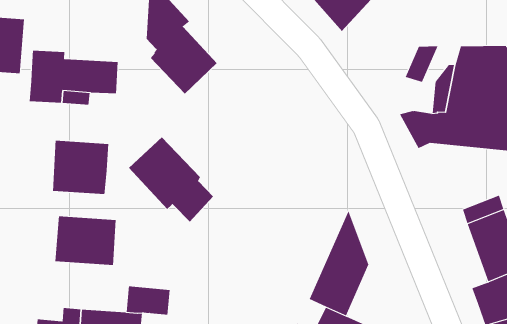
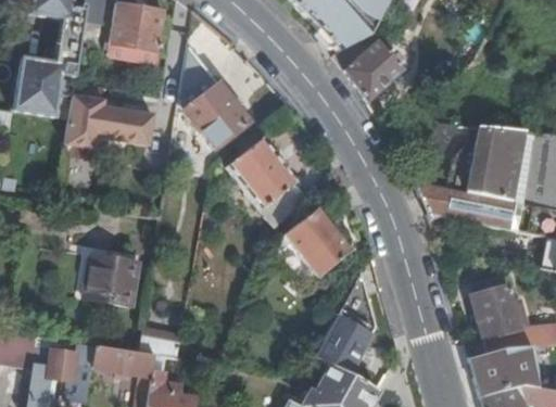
building: [128,136,214,222] -> [226,138,305,222]
building: [53,140,109,195] -> none
building: none -> [285,207,349,276]

